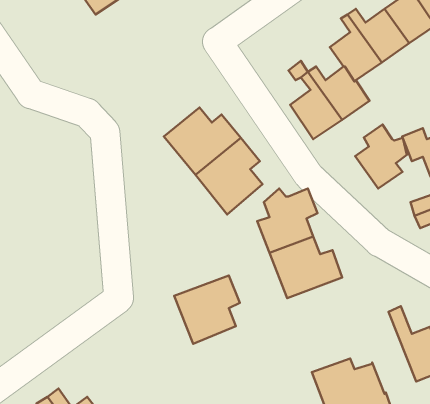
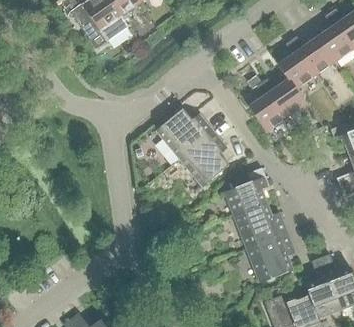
building: [355,124,407,188] -> none
building: [174,275,240,344] -> [246,233,294,283]
building: none -> [305,258,340,318]

